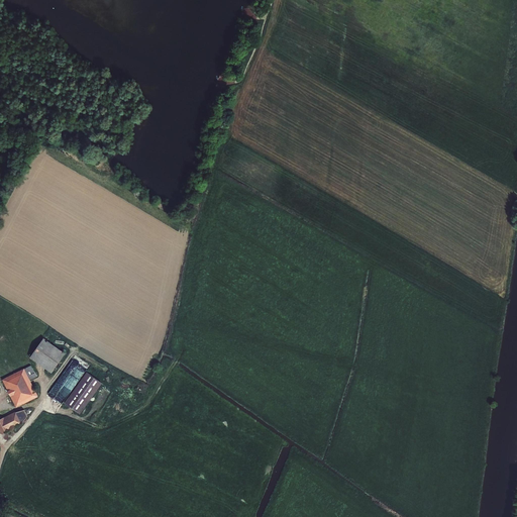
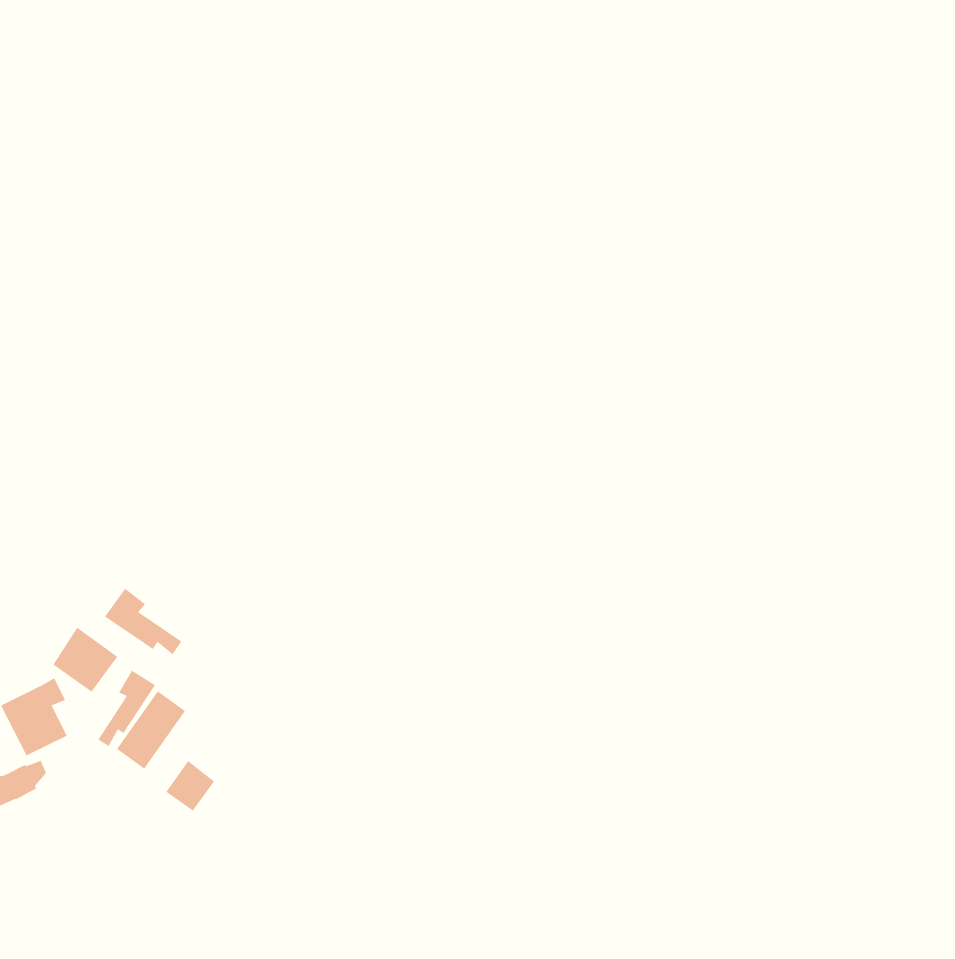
building: none -> [104,588,182,655]
building: none -> [165,760,215,811]

